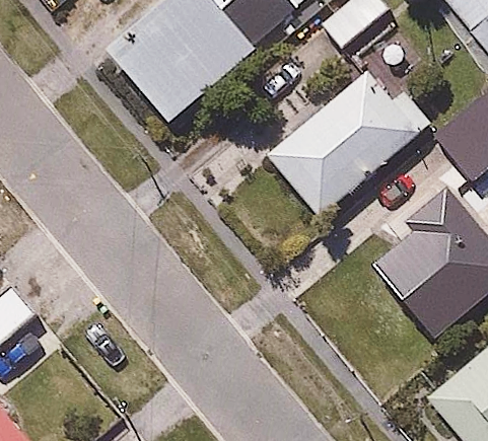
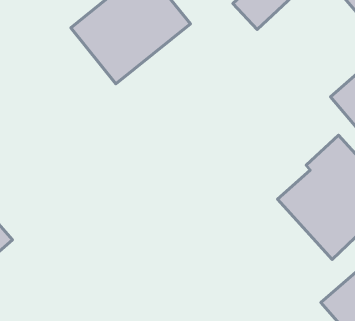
building: [269,74,433,218] -> none

